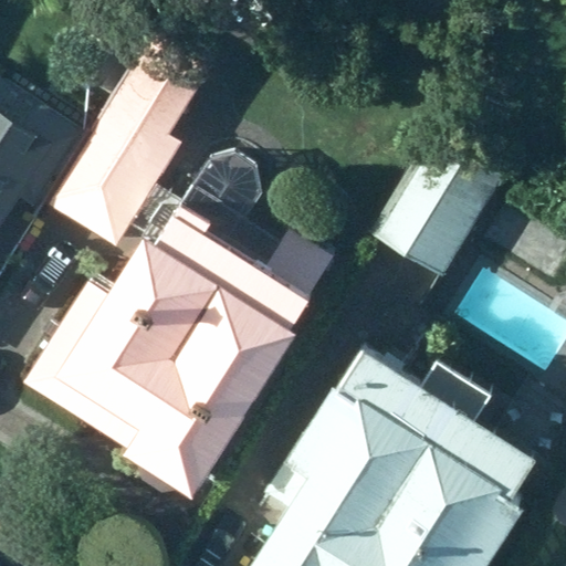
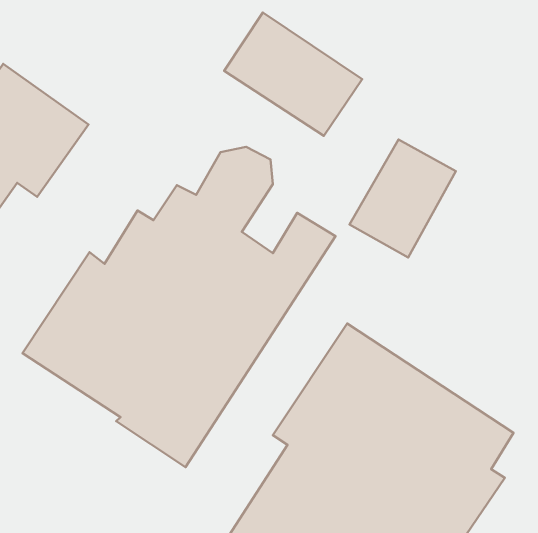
building: none -> [224,13,362,136]
building: [52,36,210,242] -> none

